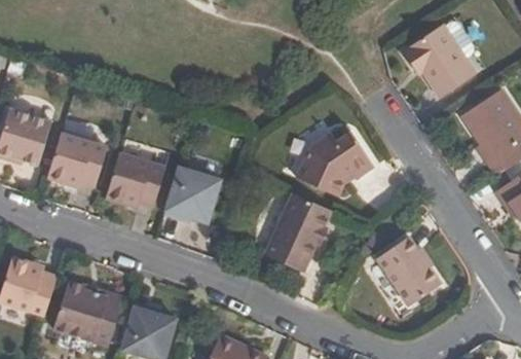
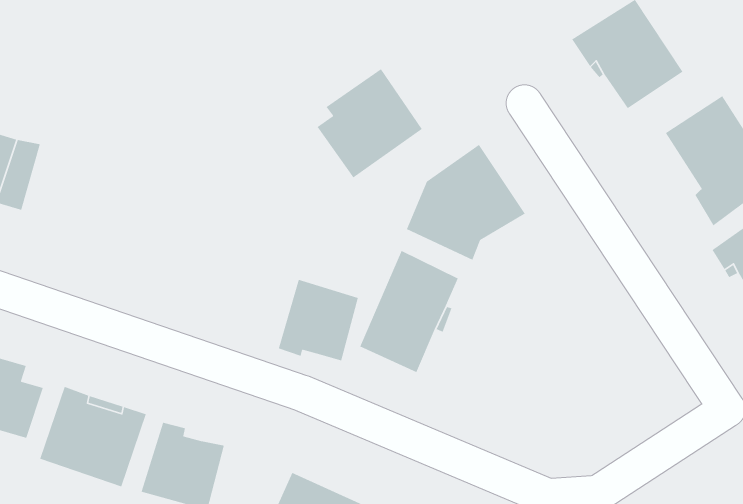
building: none -> [316,68,423,178]
building: [49,134,109,187] -> none
building: [108,153,166,207] -> none
building: [166,167,220,221] -> [278,279,359,361]
building: [374,234,438,302] -> none

